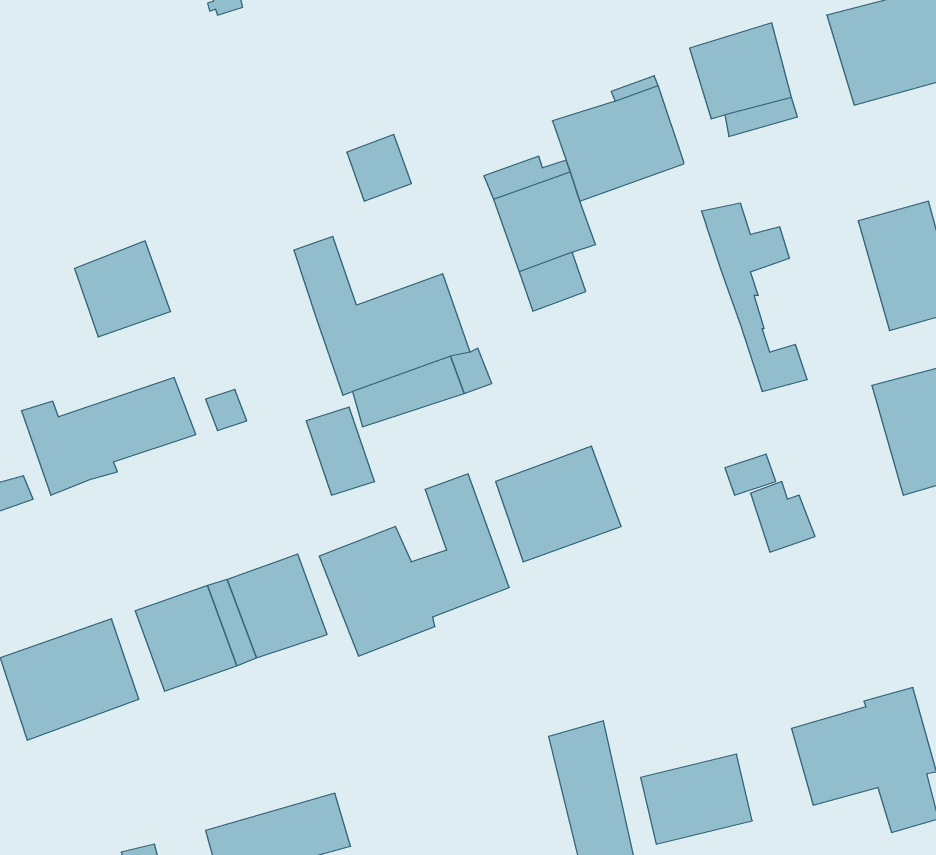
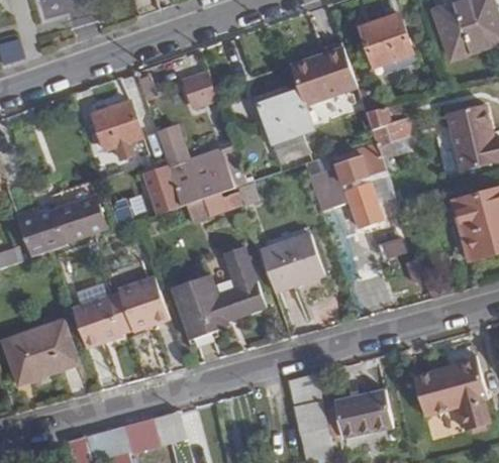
building: [75,241,171,337] -> [92,100,141,149]
building: none -> [308,141,386,227]
building: [306,407,375,495] -> [145,167,181,213]

